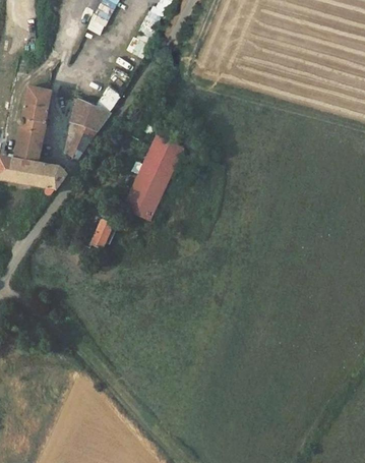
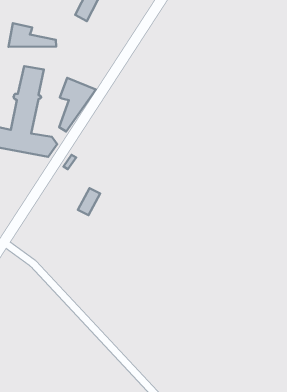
building: none -> [9,23,56,47]
building: [120,133,183,219] -> none

